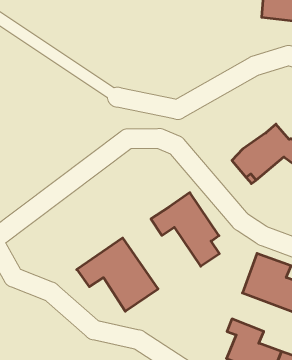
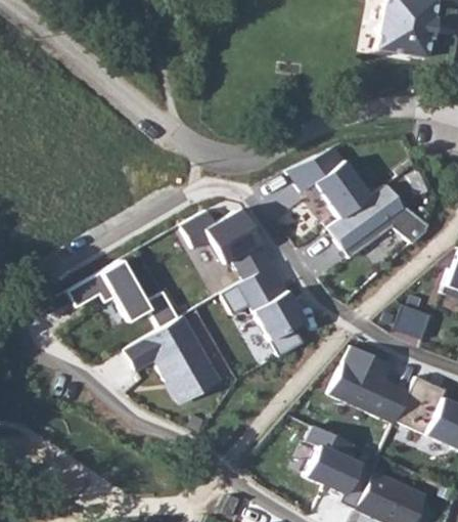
building: none -> [292,148,373,213]
building: none -> [184,207,274,279]
building: none -> [67,259,179,329]

